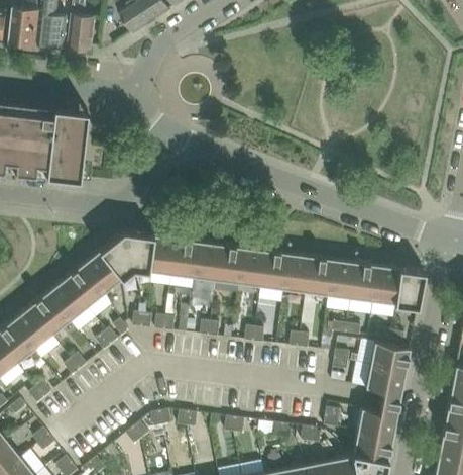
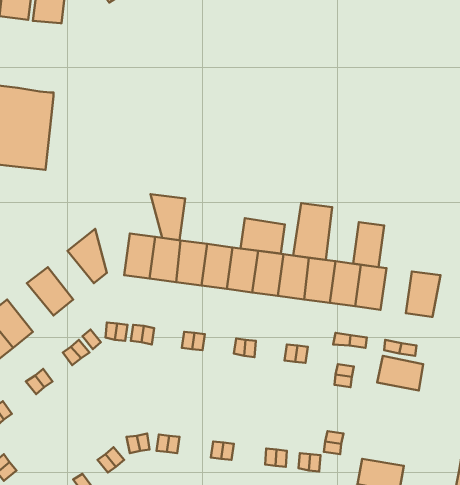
building: none -> [293,203,332,260]
building: none -> [241,218,285,254]
building: [123,232,153,273] -> [151,194,185,240]
building: [82,252,122,294] -> none
building: [372,267,399,306] -> [353,222,384,267]
building: [46,280,87,322] -> none
building: [356,367,406,440] -> none

